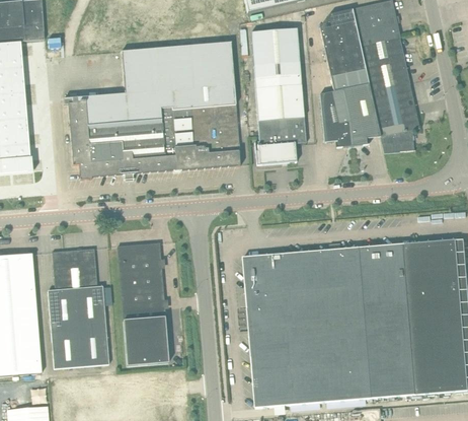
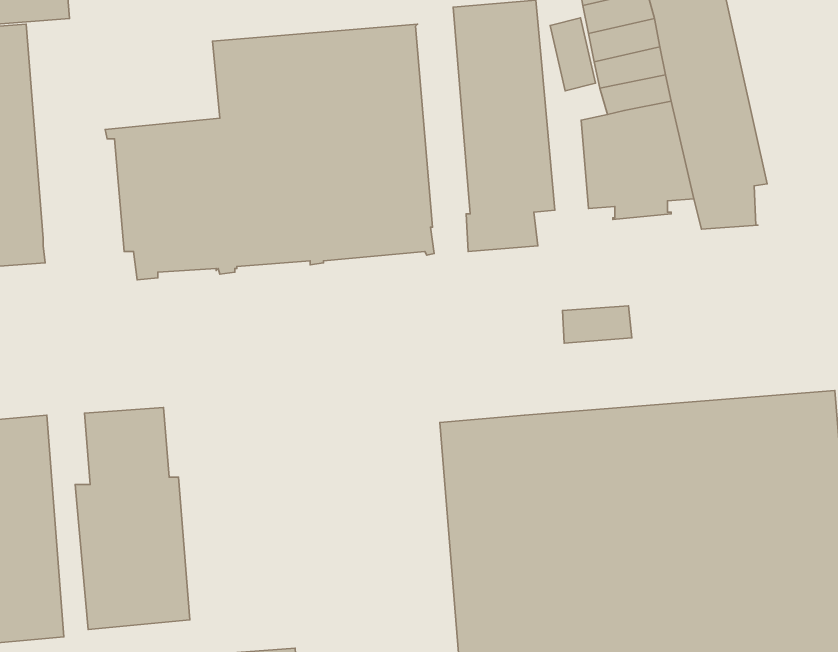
building: none -> [550,18,596,91]
building: none -> [562,306,632,343]
building: [118,242,169,365] -> none

